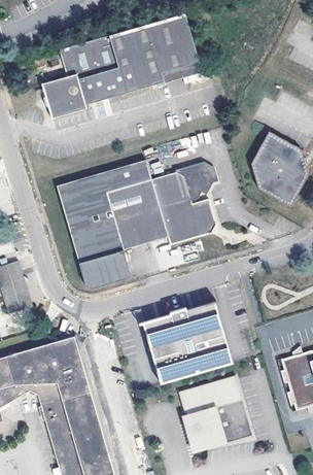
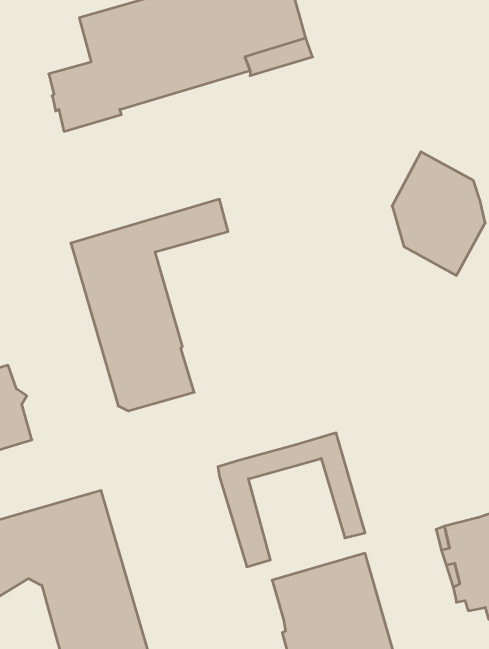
building: [107,161,218,249] -> none
building: [164,317,222,379] -> none

